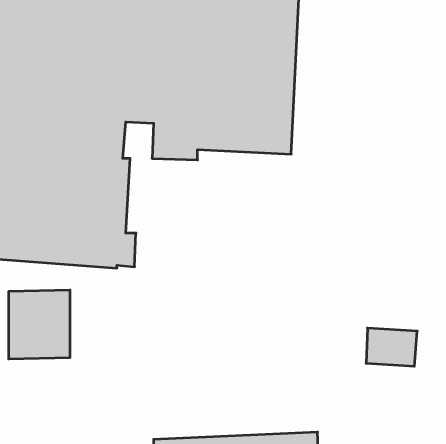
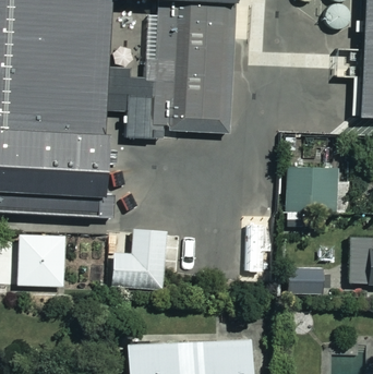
building: none -> [286,168,338,209]
building: none -> [113,230,165,291]

